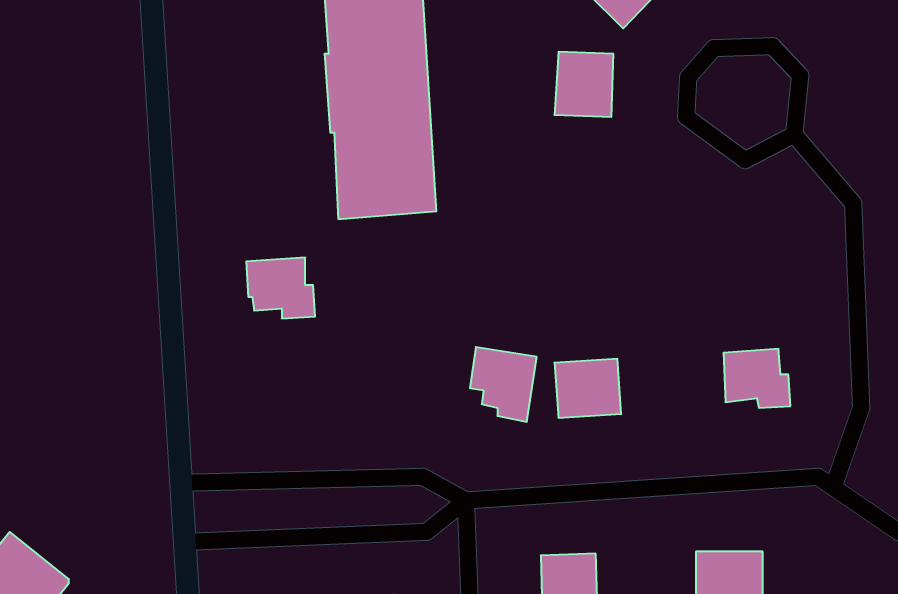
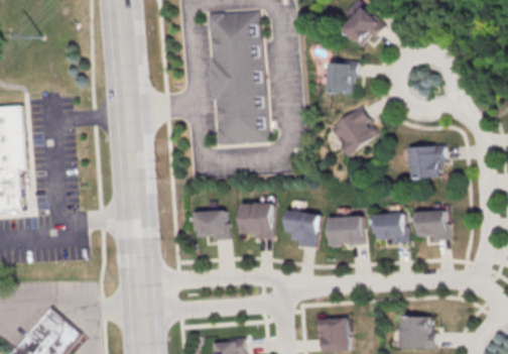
building: none -> [330,106,379,153]
building: none -> [409,145,444,178]
building: [246,258,315,318] -> [194,211,229,242]
building: none -> [240,204,272,239]
building: none -> [372,214,407,244]

